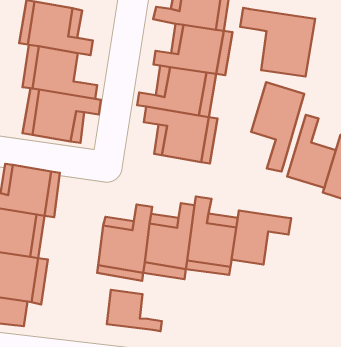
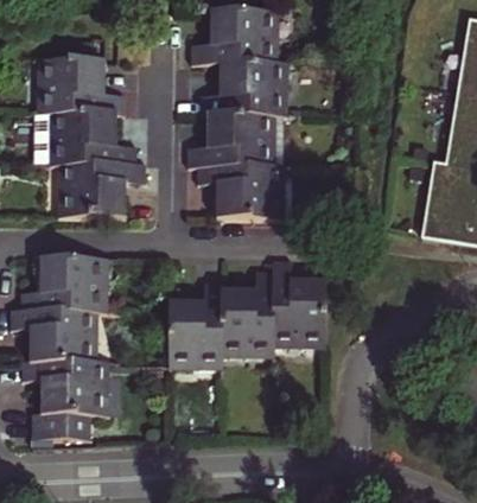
building: [240,8,315,76] -> none
building: [251,82,304,172] -> none
building: [287,115,336,188] -> none
building: [232,210,291,264] -> none
building: [107,290,162,331] -> none

